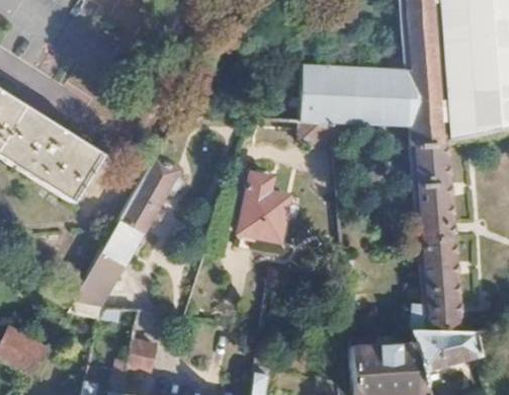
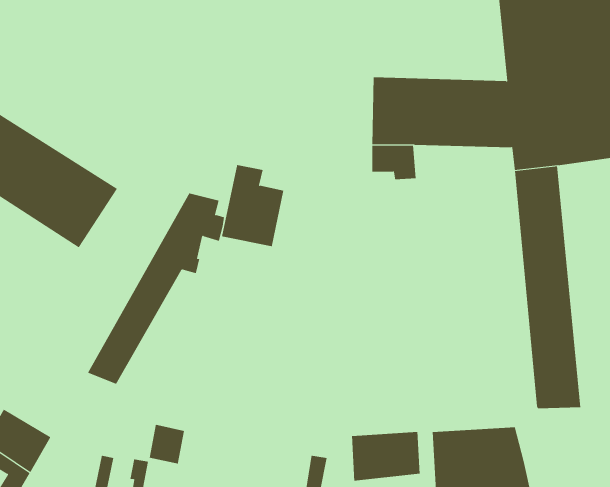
building: [238,176,287,241] -> [221,165,284,247]
building: [411,326,477,370] -> none
building: none -> [352,431,420,482]

